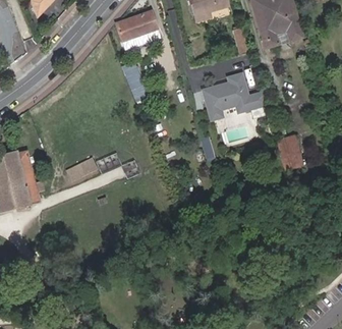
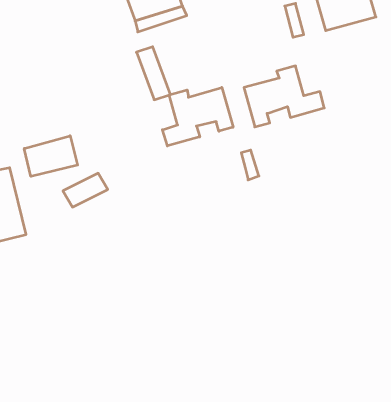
building: none -> [162,87,233,146]
building: none -> [24,136,78,176]
building: [276,135,301,169] -> none

